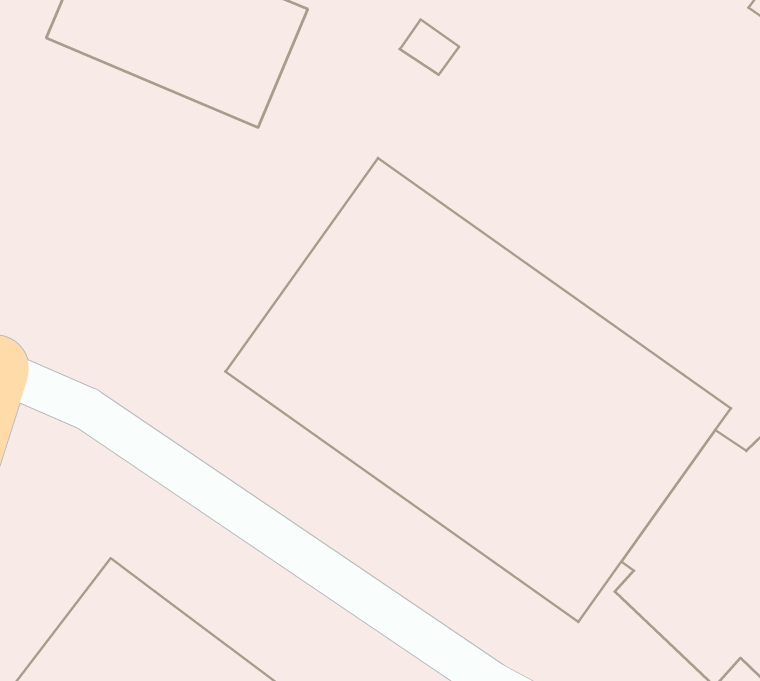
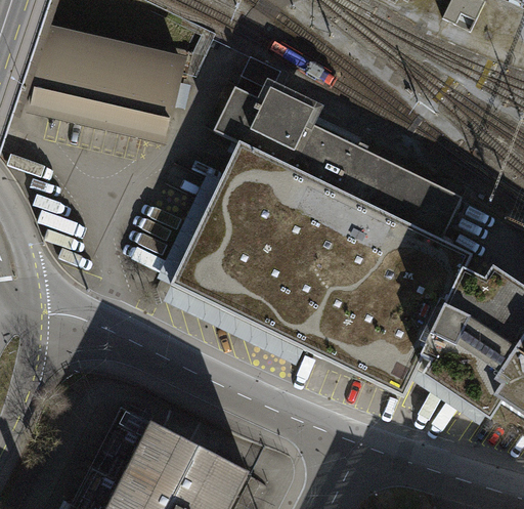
building: none -> [208,85,468,239]

